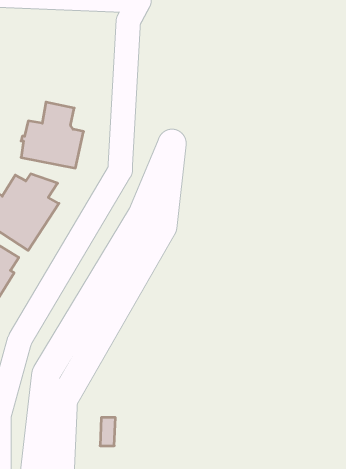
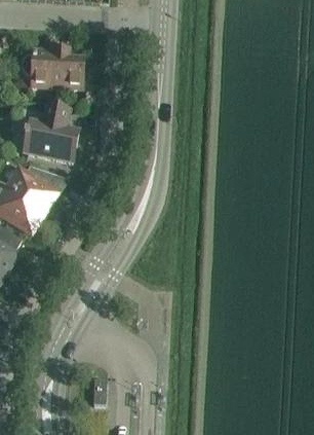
building: none -> [22,48,84,88]

